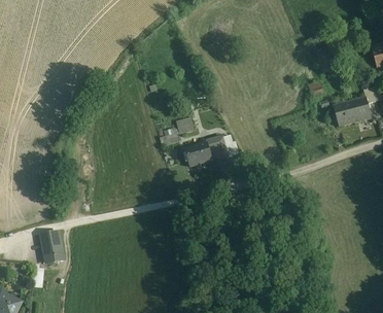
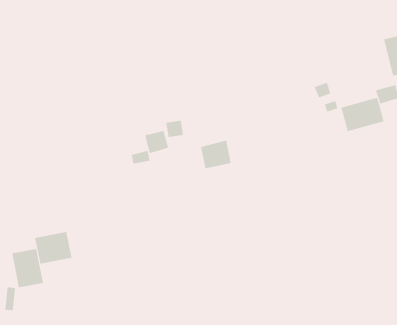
building: [184,140,212,167] -> none
building: none -> [34,231,72,264]

